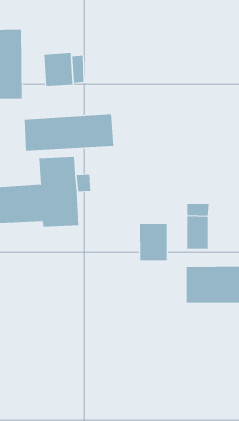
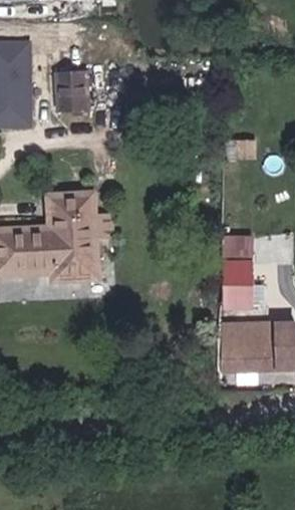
building: [24,114,114,151] -> none
building: [140,223,167,261] -> none

